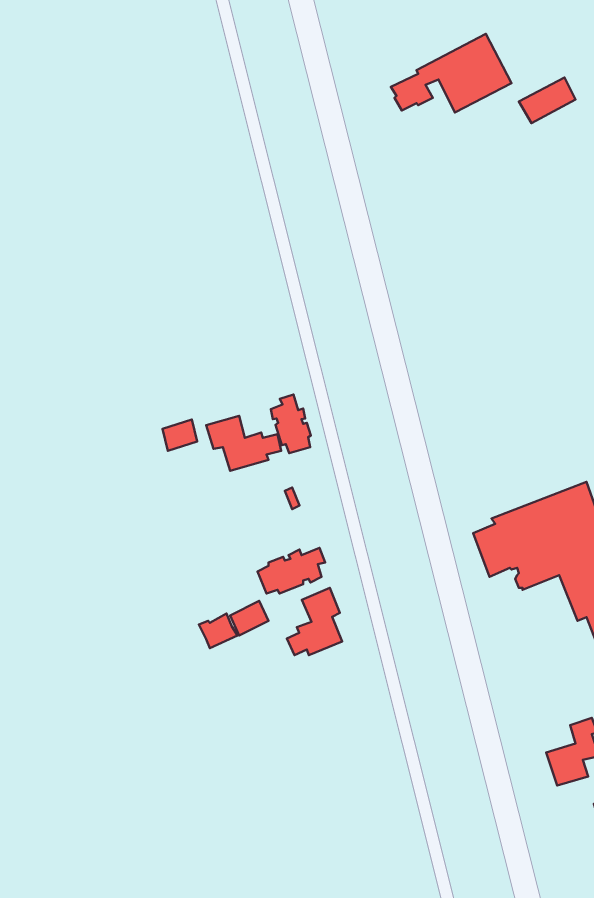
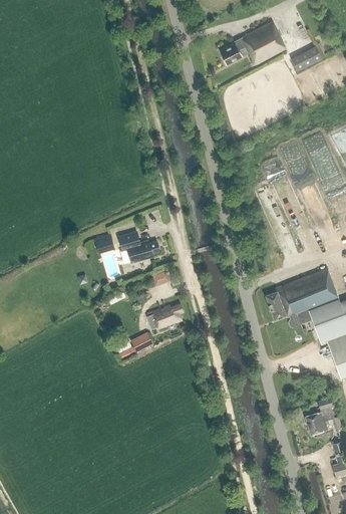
building: [271,394,311,453] -> none
building: [287,588,342,655] -> none

